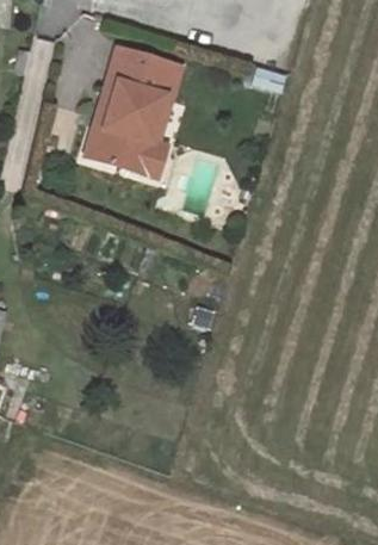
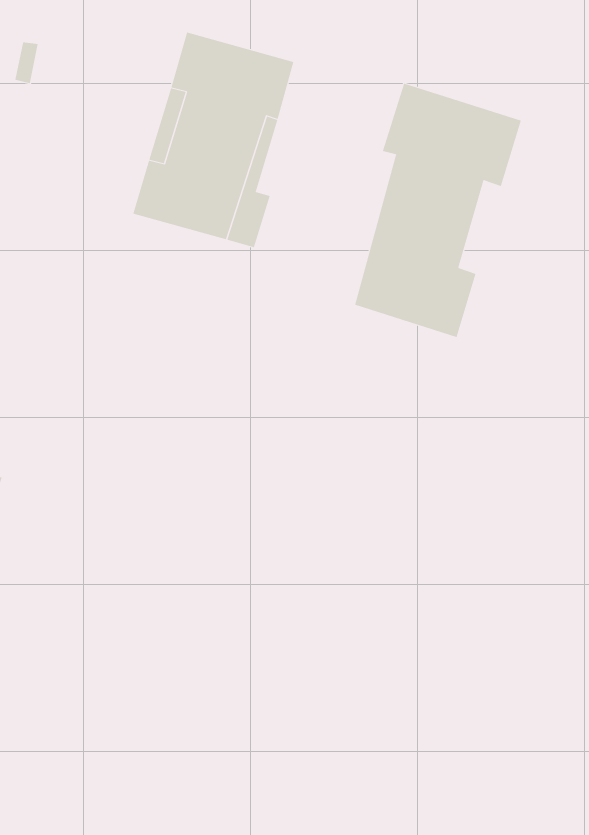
building: none -> [354,83,522,338]

